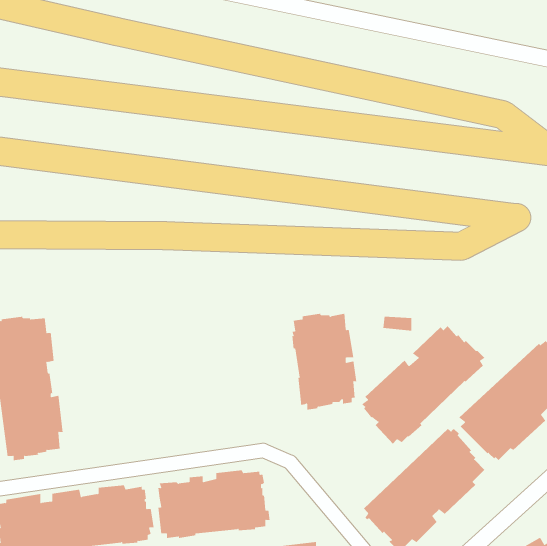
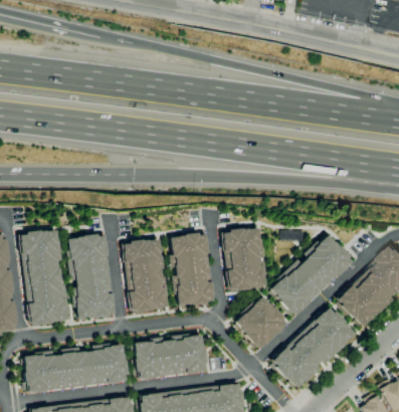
building: none -> [169,232,214,307]
building: none -> [66,234,115,322]
building: none -> [121,239,168,315]
building: none -> [234,296,287,348]

